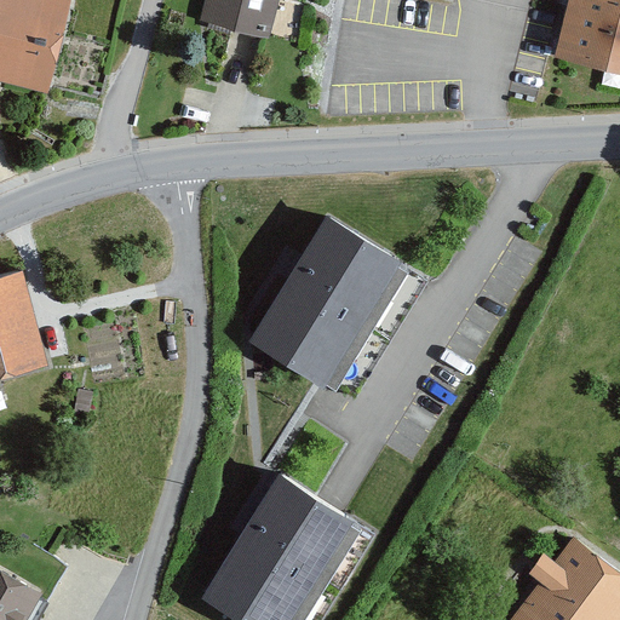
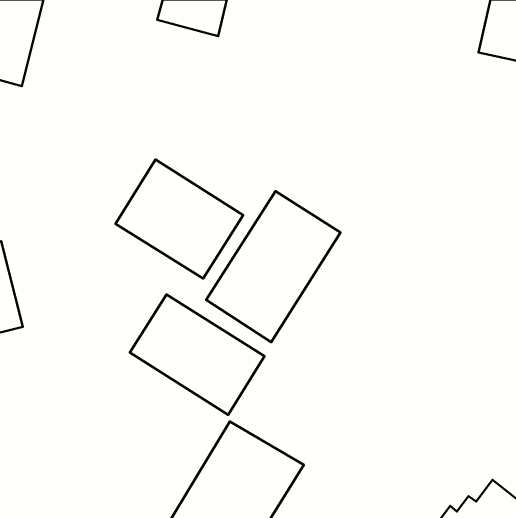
building: none -> [116,159,243,278]
building: none -> [130,294,265,415]

